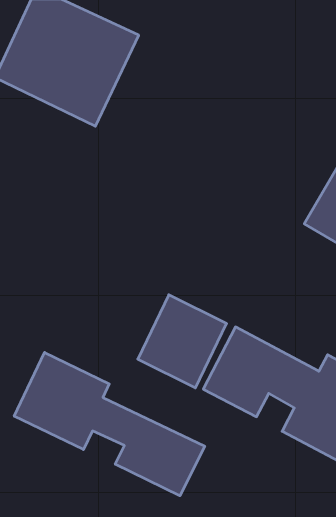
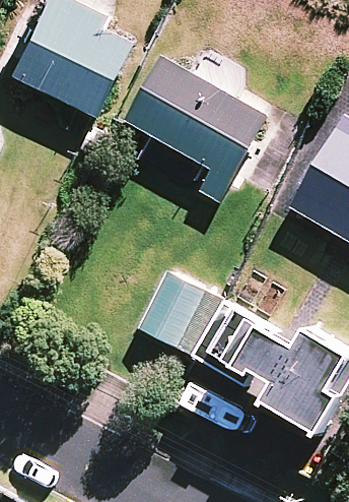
building: none -> [127,59,267,203]
building: [14,352,205,496] -> none

